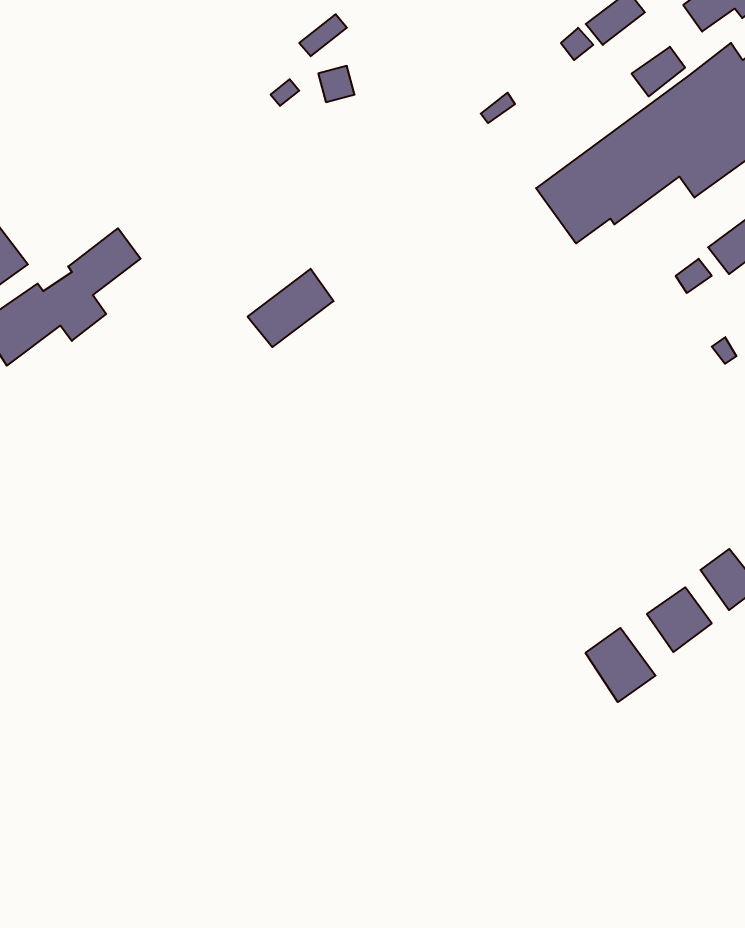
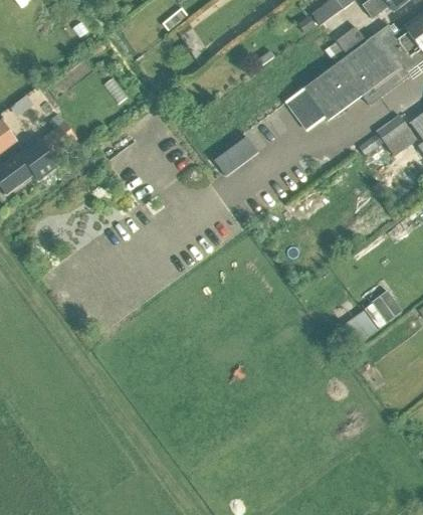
building: [248,269,334,347] -> [212,135,257,176]
building: [586,628,656,702] -> none

